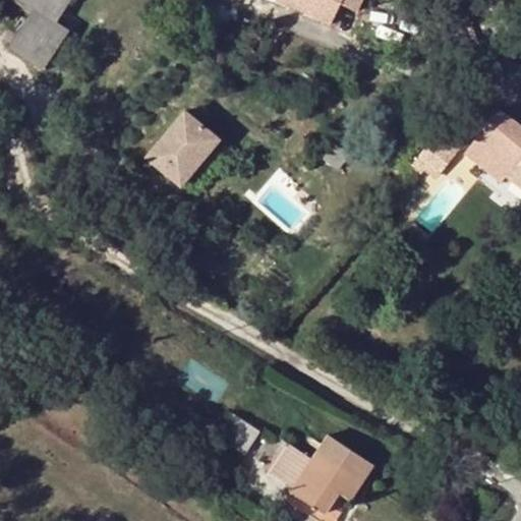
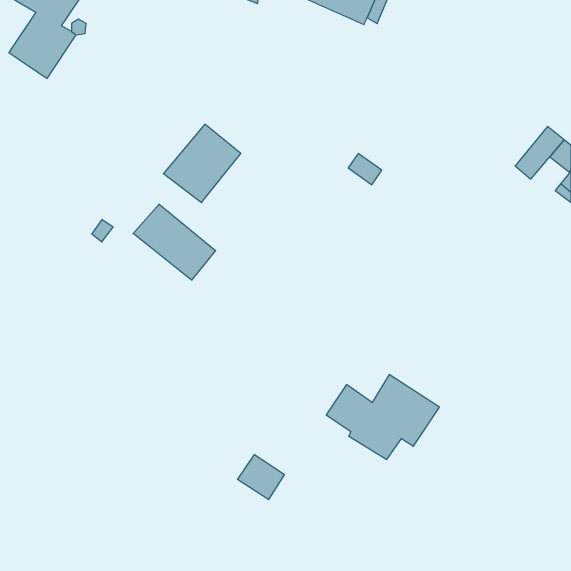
building: none -> [133,204,216,280]
building: [270,436,372,513] -> [326,375,439,460]

